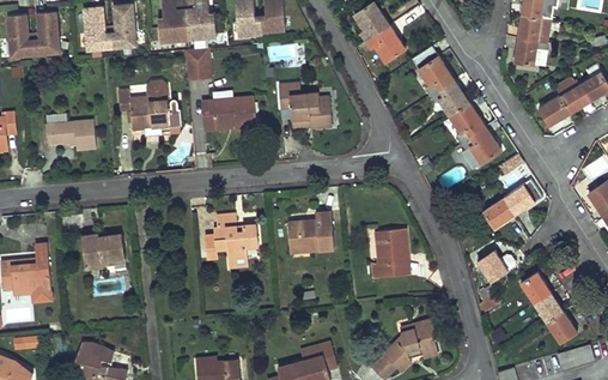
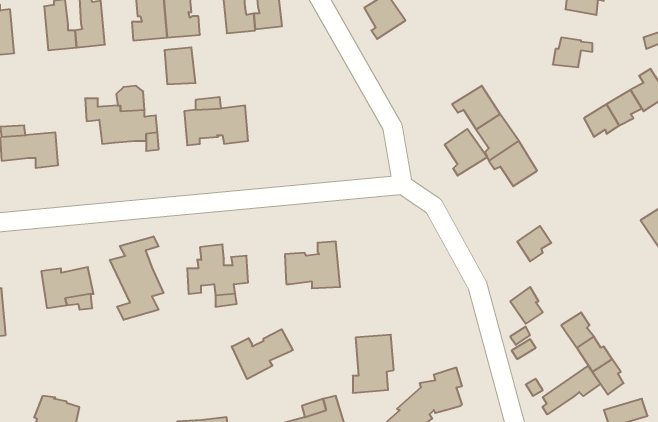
building: [519,16,551,43] -> none
building: [365,25,405,62] -> none
building: [418,56,454,96] -> [445,129,487,176]
building: [278,84,332,126] -> none
building: [503,182,540,216] -> none
building: none -> [110,236,164,320]
building: [372,229,407,278] -> [353,335,394,393]
building: none -> [232,329,293,379]
building: none -> [543,366,601,414]

